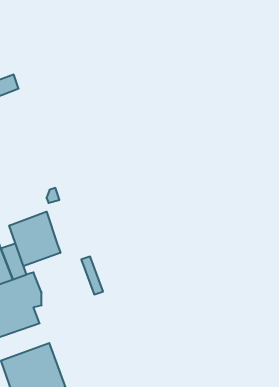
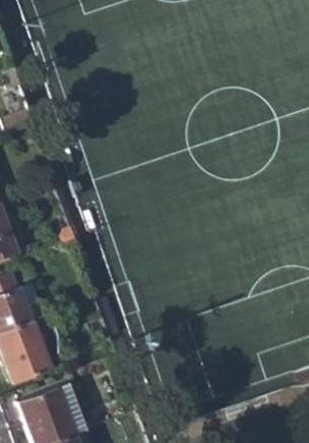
building: [9,212,60,266] -> none

